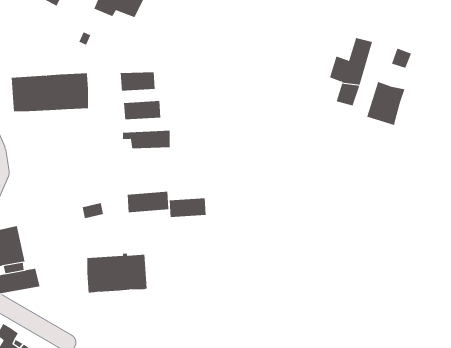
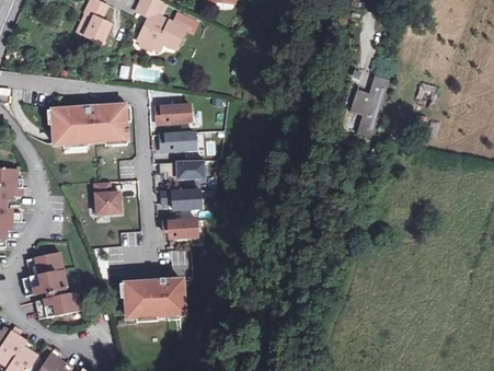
building: [366,81,405,126] -> none
building: none -> [94,181,120,213]
building: [169,198,207,217] -> [166,189,203,208]

